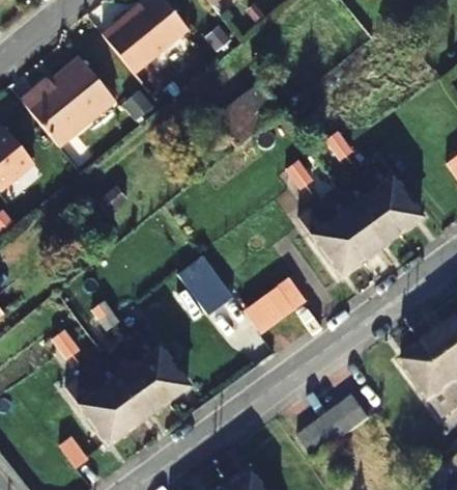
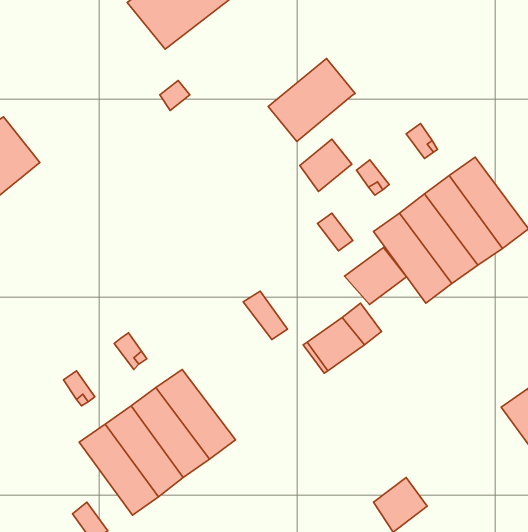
building: [22,60,115,147] -> none
building: none -> [300,139,352,191]
building: none -> [345,247,407,304]
building: [324,394,370,438] -> none

